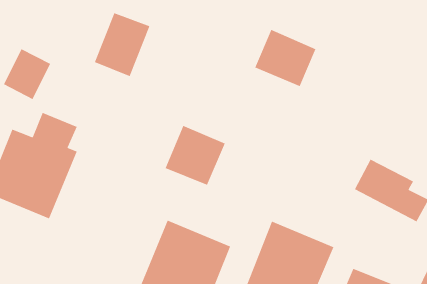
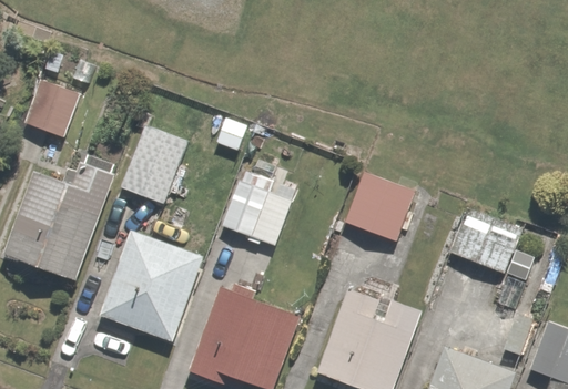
building: [94,12,150,77] -> [119,125,187,204]
building: [254,29,316,87] -> [342,172,417,243]
building: none -> [102,231,202,338]

